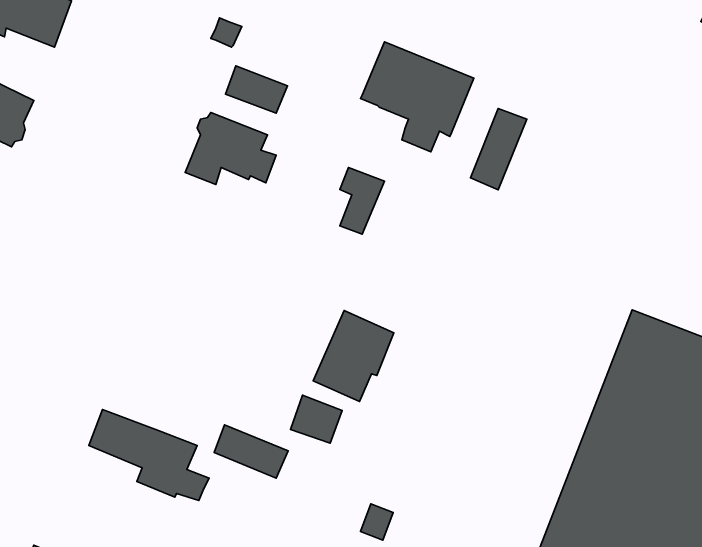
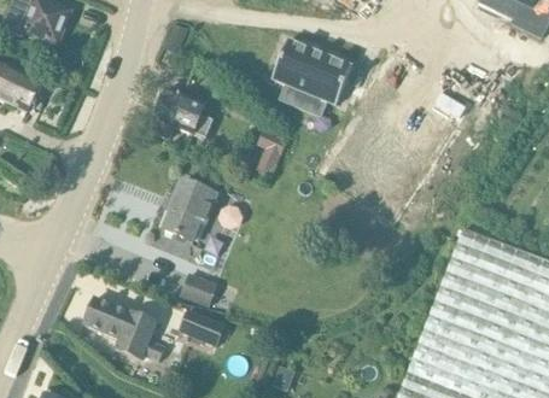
building: [226,66,287,113] -> none
building: [471,108,527,190] -> none
building: [313,310,394,401] -> [159,177,216,241]
building: [290,395,342,443] -> [181,270,217,304]

